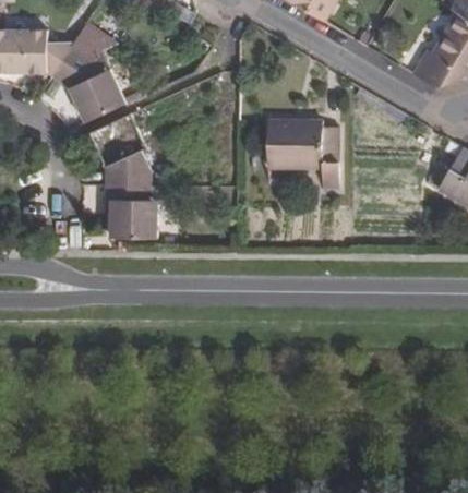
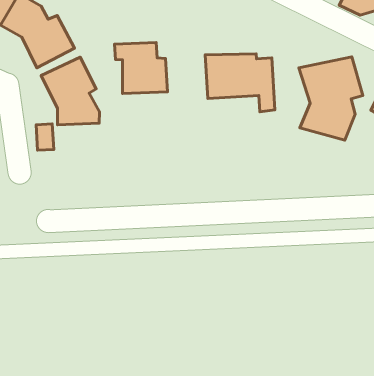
building: none -> [299,57,363,140]
building: [105,184,158,239] -> [115,43,167,94]

